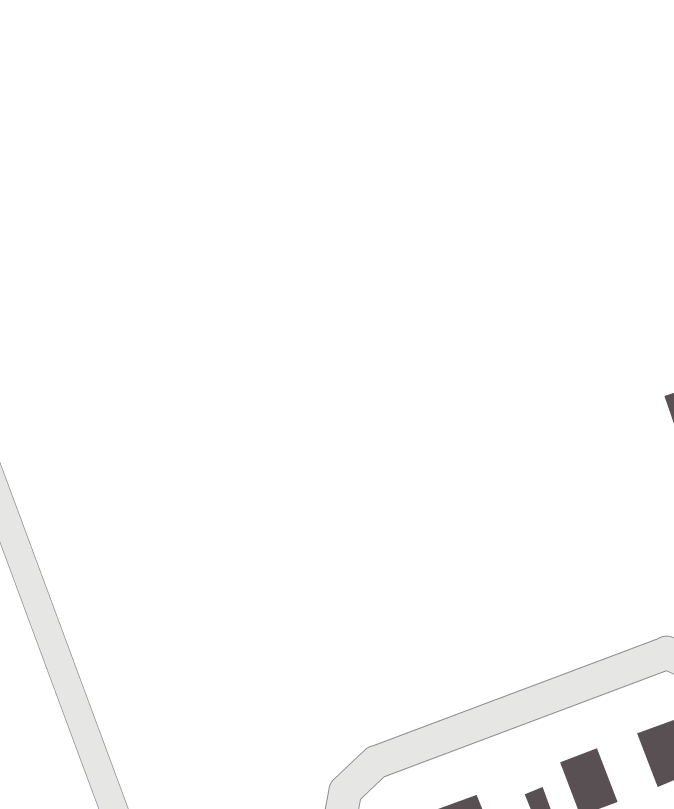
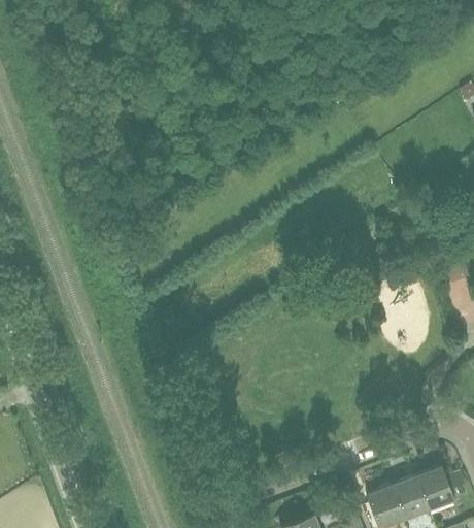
building: none -> [392,475,430,520]

